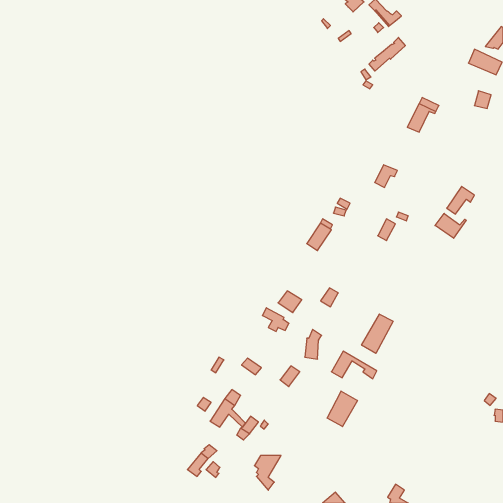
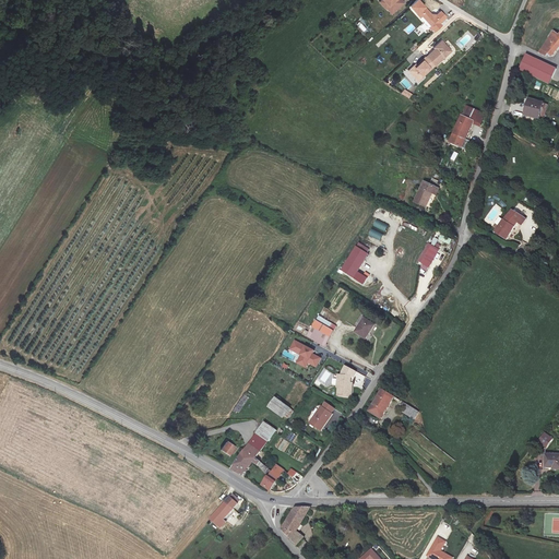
building: [435,213,466,238] -> none
building: [362,314,393,353] -> none
building: [327,391,357,427] -> none

